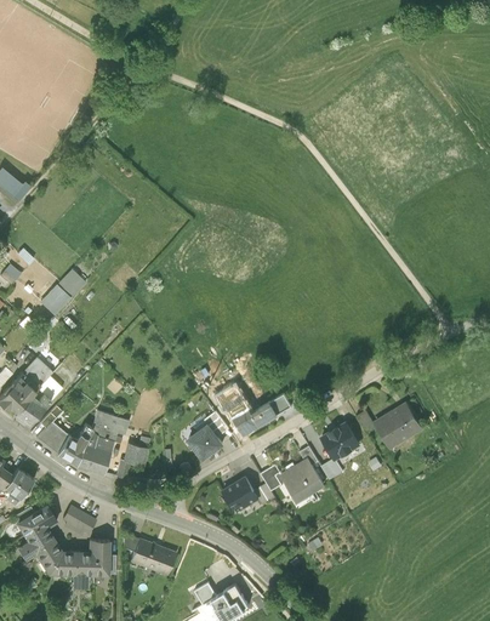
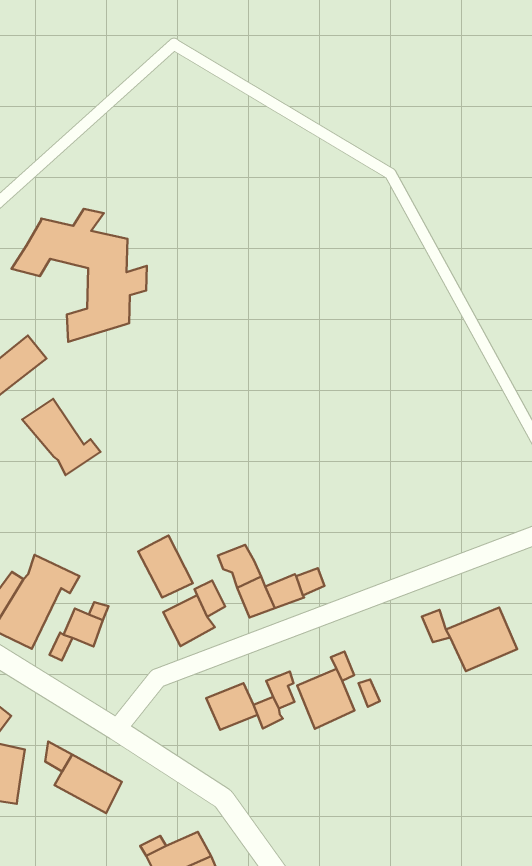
building: none -> [12,209,147,342]
building: none -> [22,399,101,475]
building: none -> [138,536,193,598]
building: [323,422,359,457] -> none

